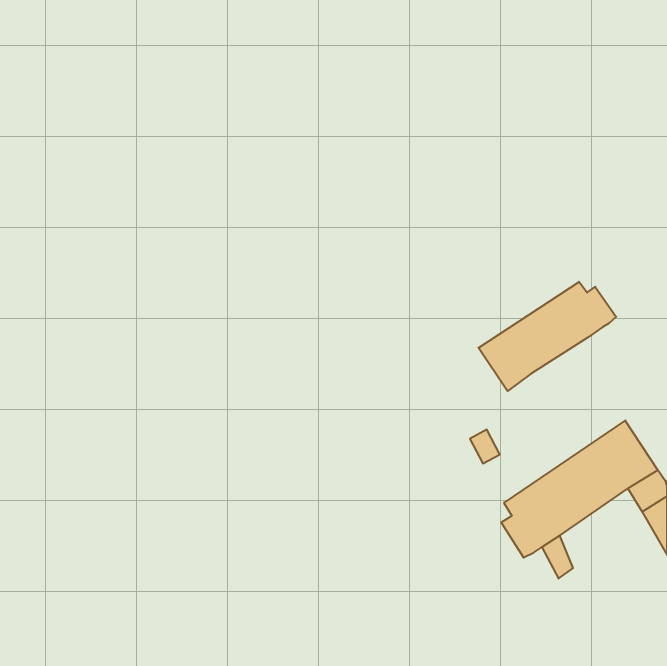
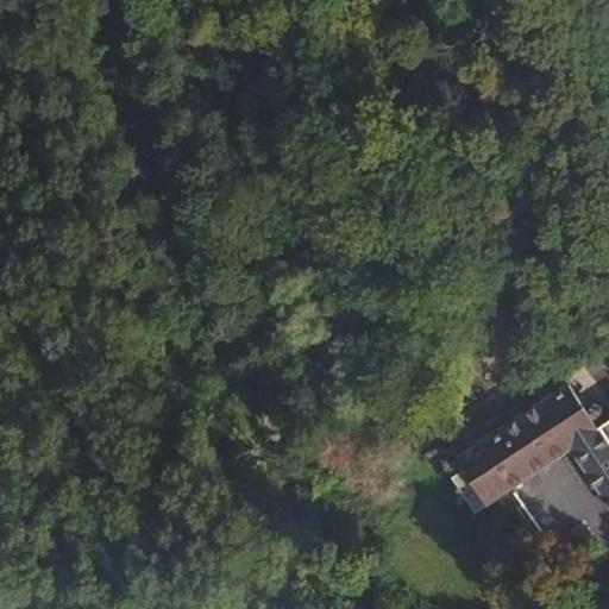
building: [478,282,616,391] -> none

